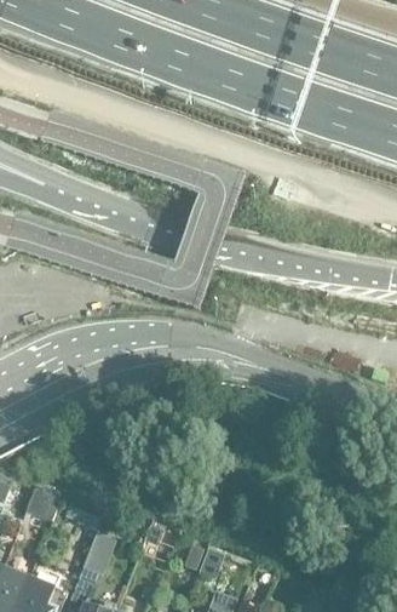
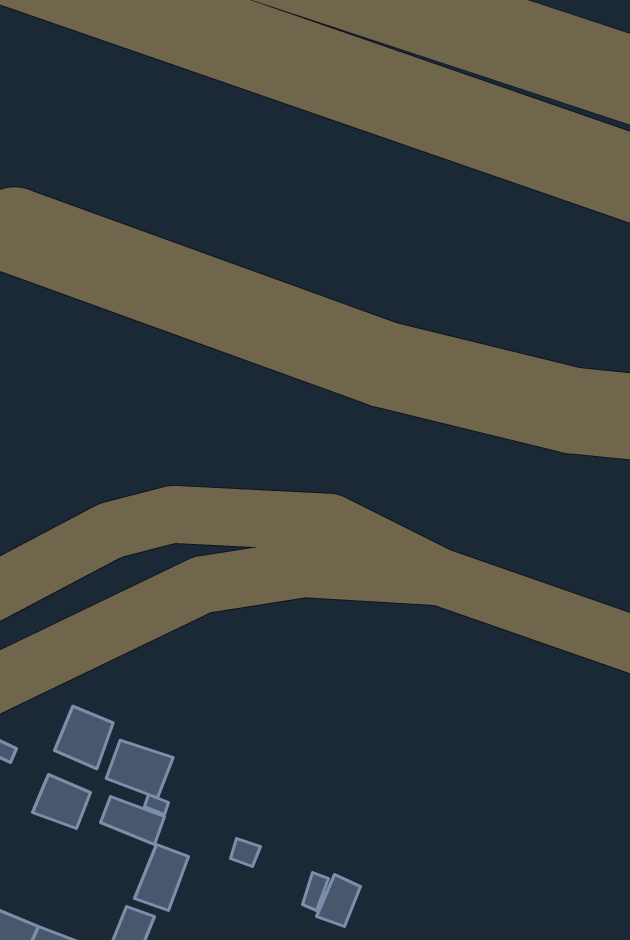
building: none -> [54,706,113,769]
building: none -> [106,740,173,798]

